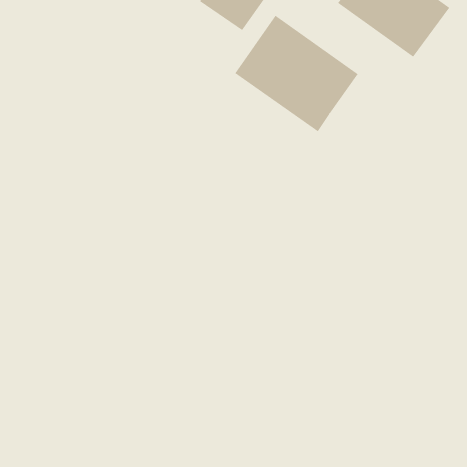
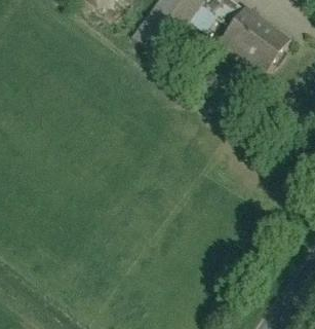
building: [235,15,358,132] -> none

